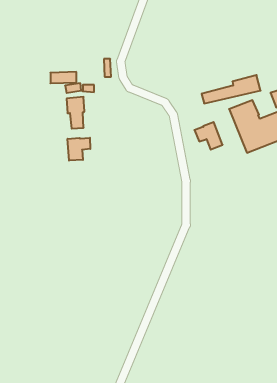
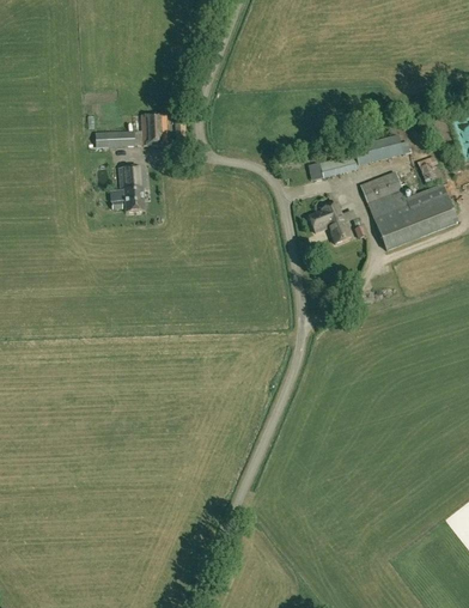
building: none -> [140,113,166,145]
building: [68,138,90,161] -> none

